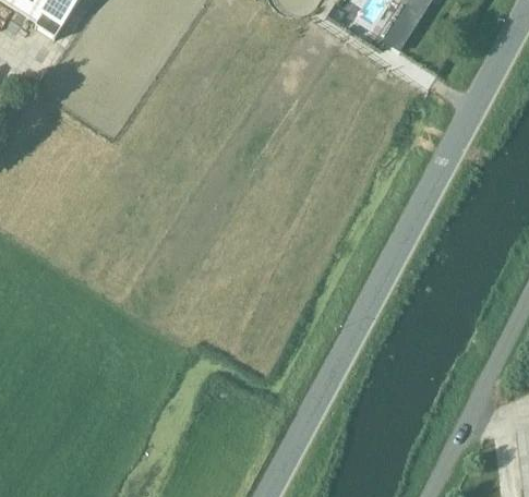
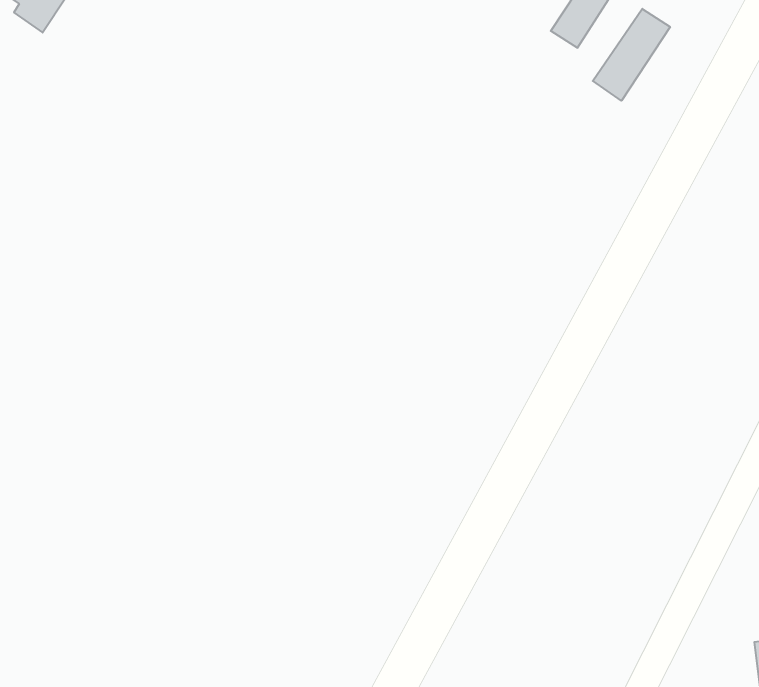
building: none -> [593,9,670,101]

